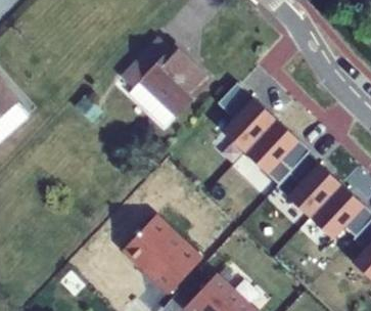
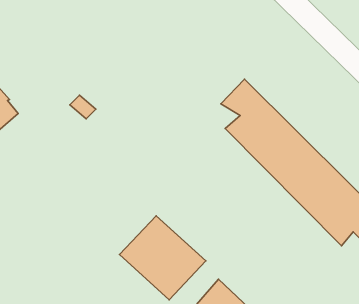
building: [121,37,210,127] -> none

